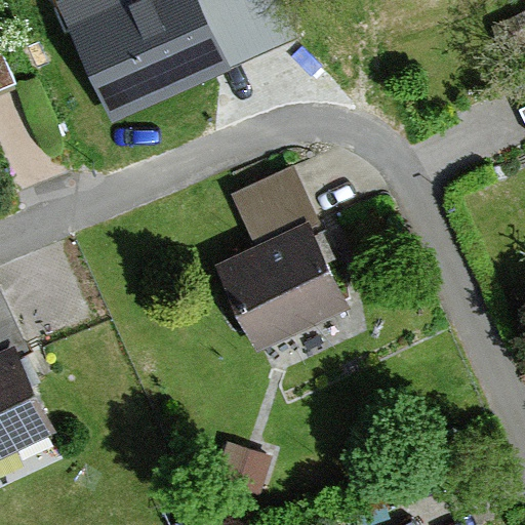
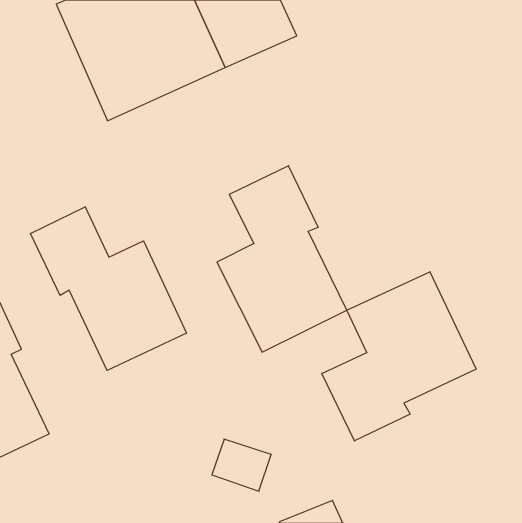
building: none -> [30,207,186,370]
building: none -> [322,272,476,441]

